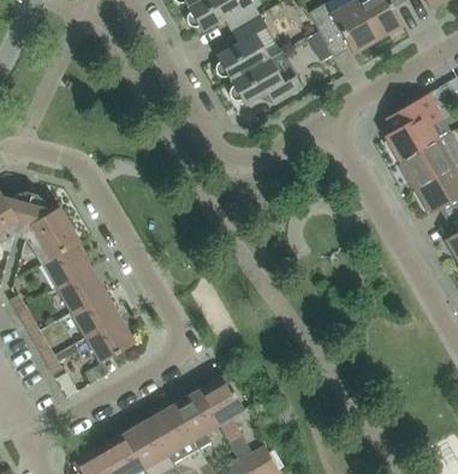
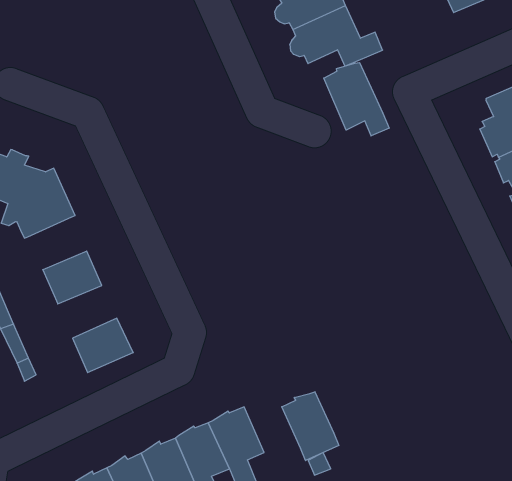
building: none -> [324,63,389,136]
building: [43,244,90,287] -> none
building: [72,294,119,337] -> none
building: none -> [282,392,339,461]

